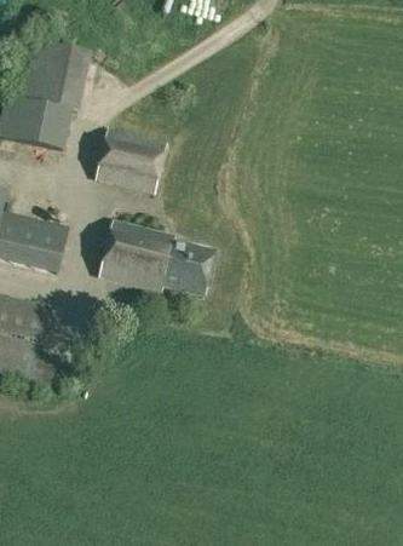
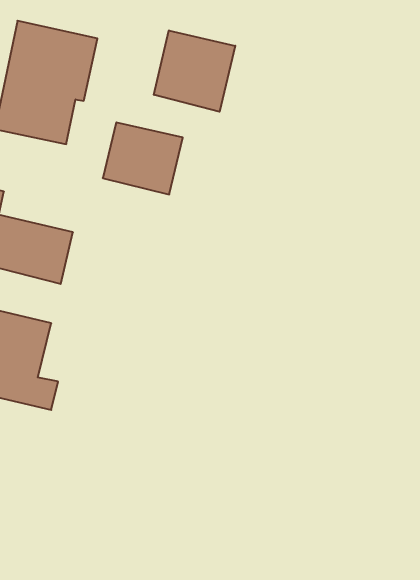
building: none -> [154,30,235,112]
building: [99,220,214,297] -> none

